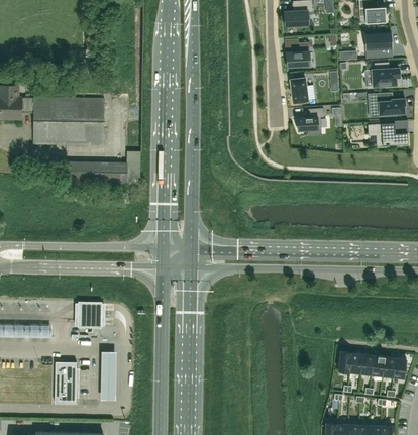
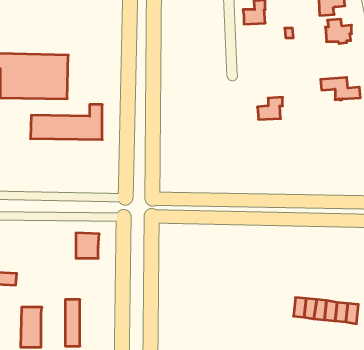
building: [290,78,308,103] -> none
building: [368,93,405,117] -> none
building: [297,108,323,131] -> [257,97,283,119]
building: [78,302,102,328] -> [76,233,99,258]

